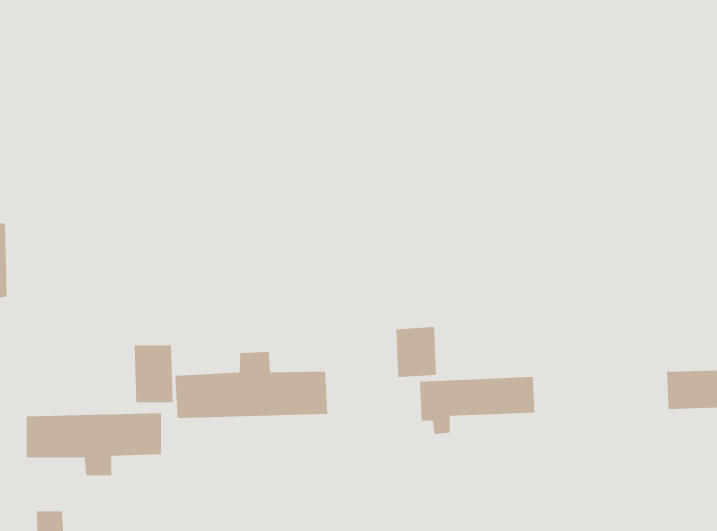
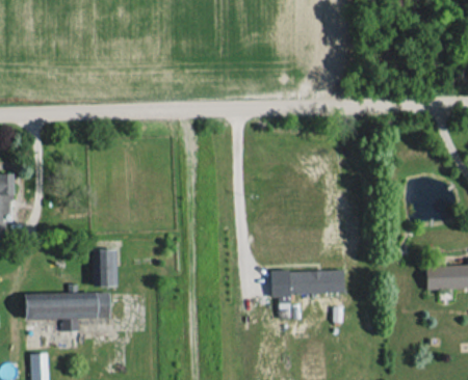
building: [396,326,437,378] -> none
building: [175,351,328,419] -> none

